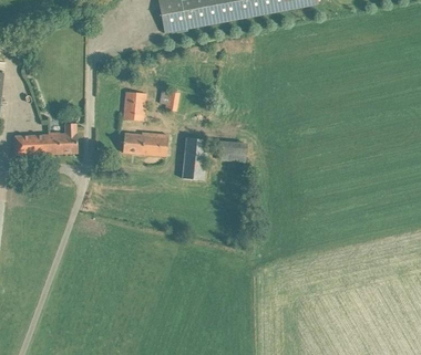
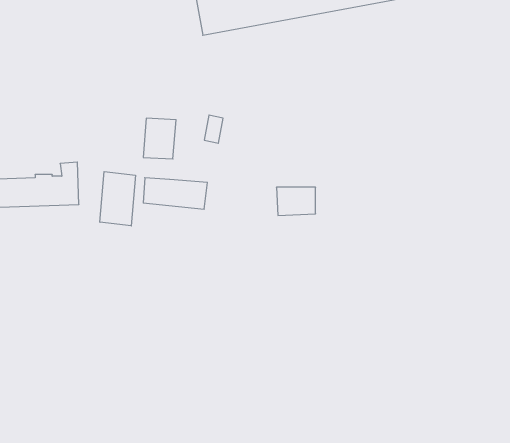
building: none -> [100,172,135,226]
building: [181,138,206,179] -> none

